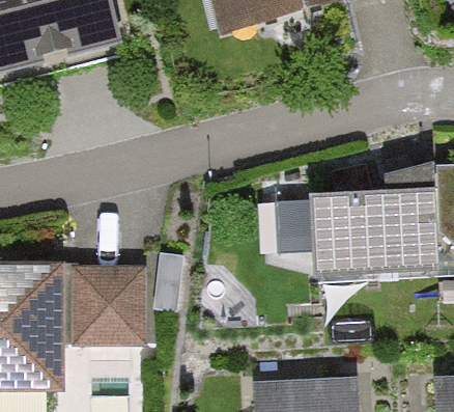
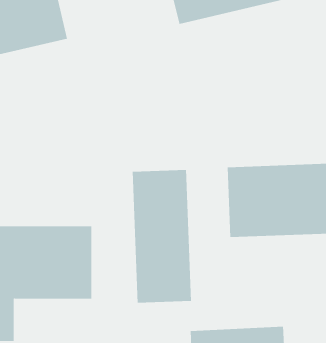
building: none -> [132,169,192,303]

